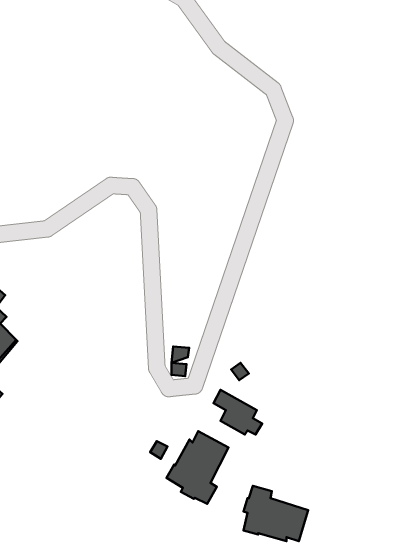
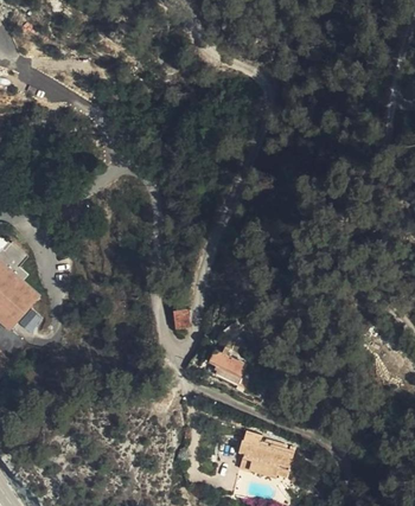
building: [166,431,229,504] -> none

